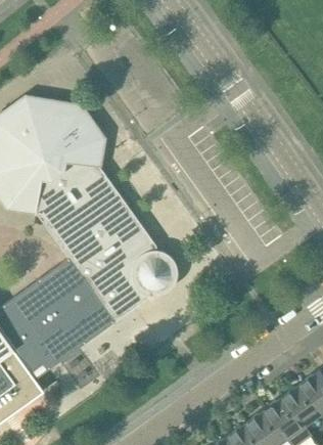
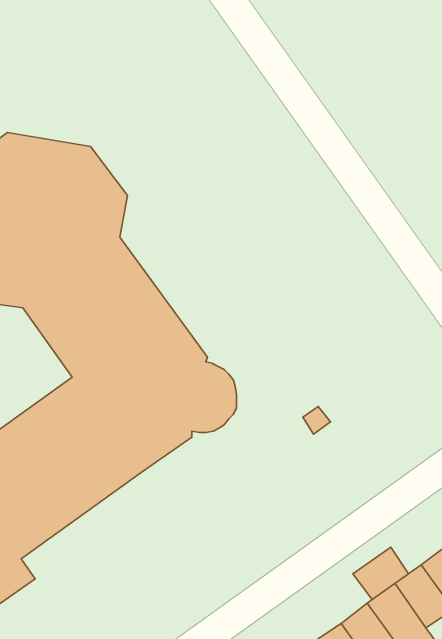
building: none -> [353,547,408,600]

